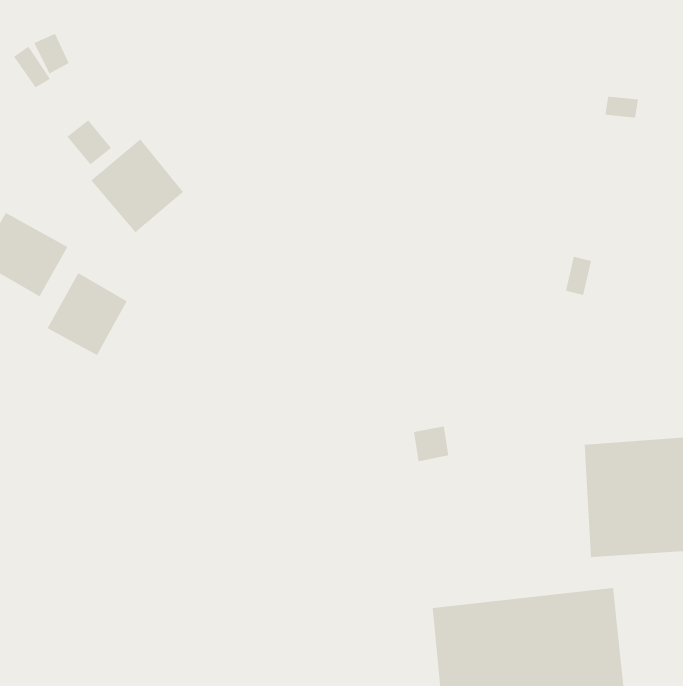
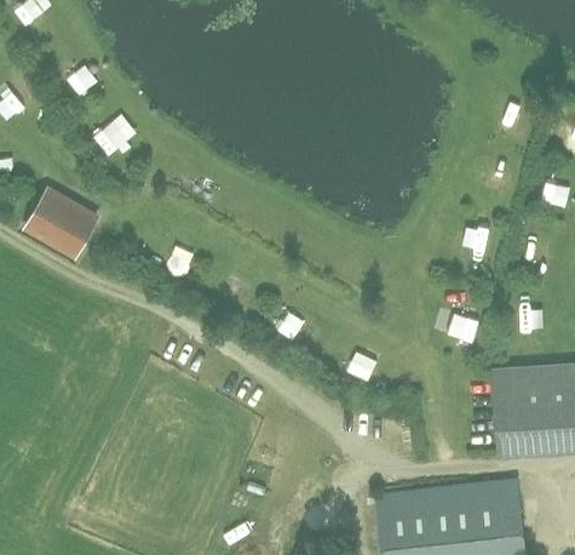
building: [90,139,184,233] -> none
building: [47,272,128,356] -> none

